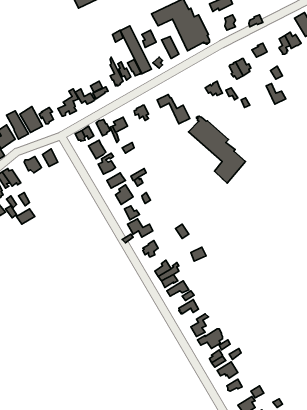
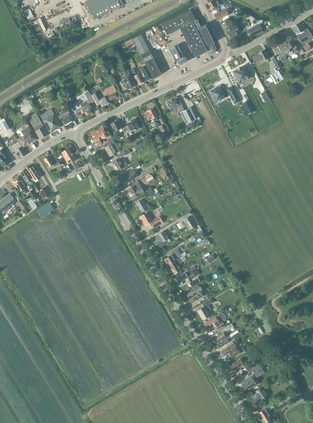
building: [188,116,246,183] -> none

